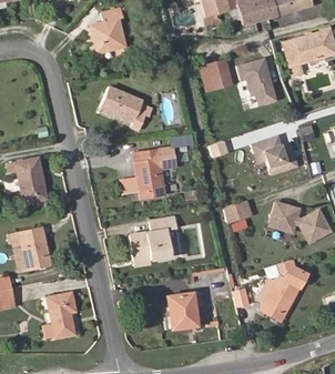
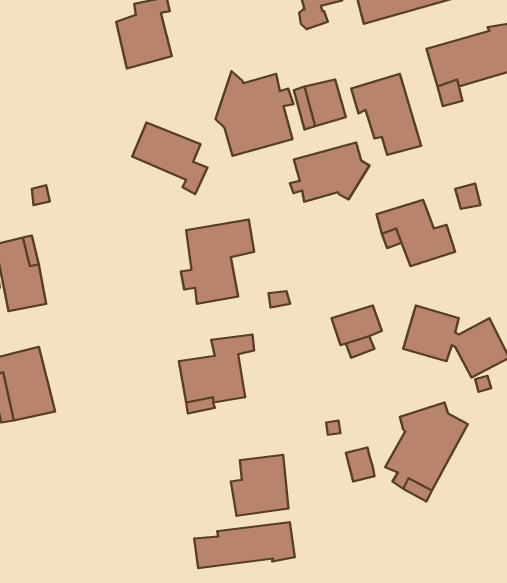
building: none -> [216,71,293,156]
building: none -> [290,142,369,202]
building: [43,292,75,337] -> none
building: none -> [194,522,295,568]

